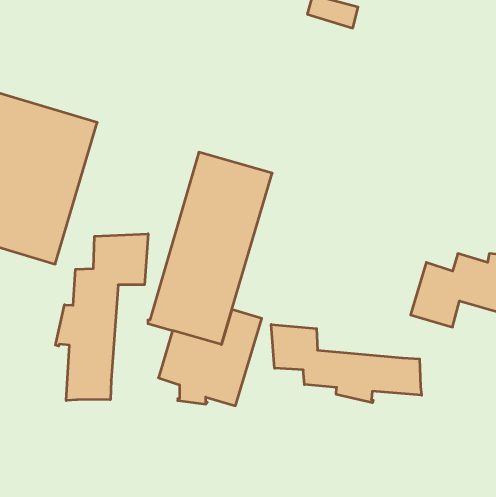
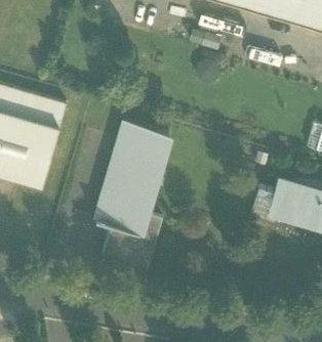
building: [55,234,148,401] -> none
building: [271,324,422,403] -> none

